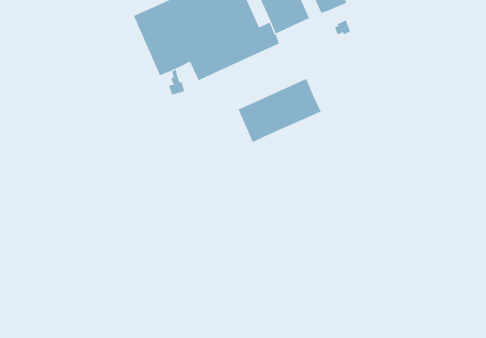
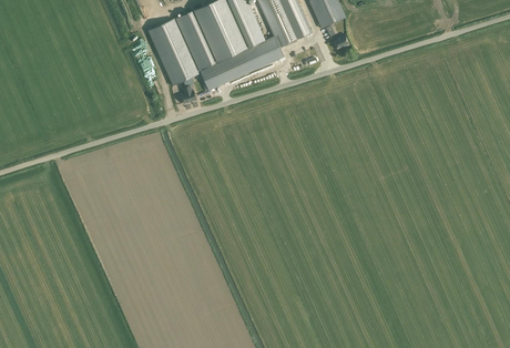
building: [238,78,321,143] -> none

